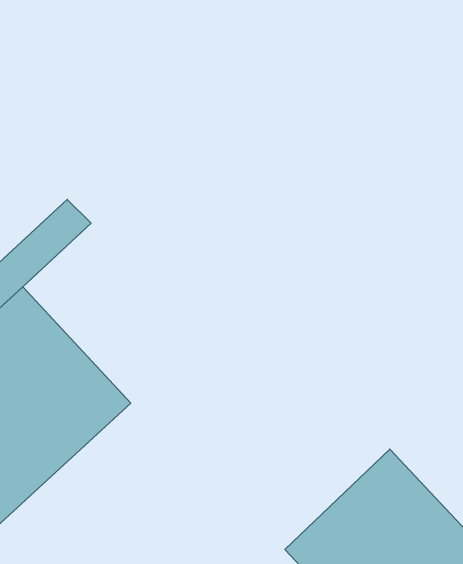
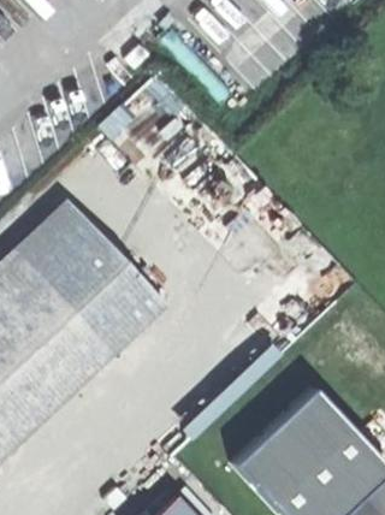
building: none -> [34,219,166,355]

